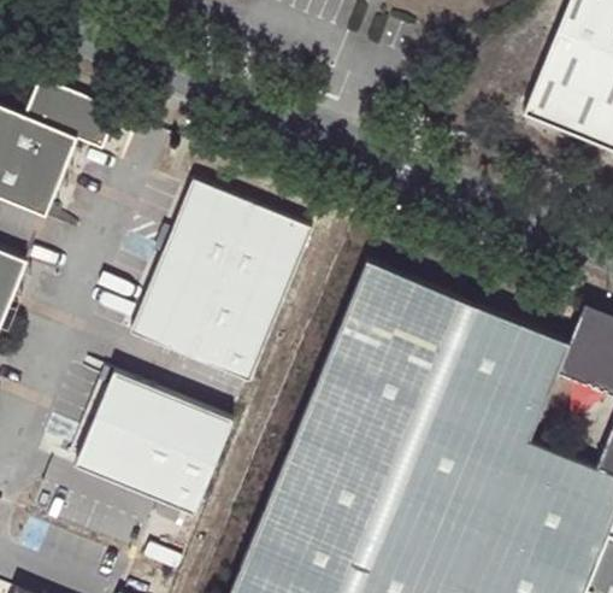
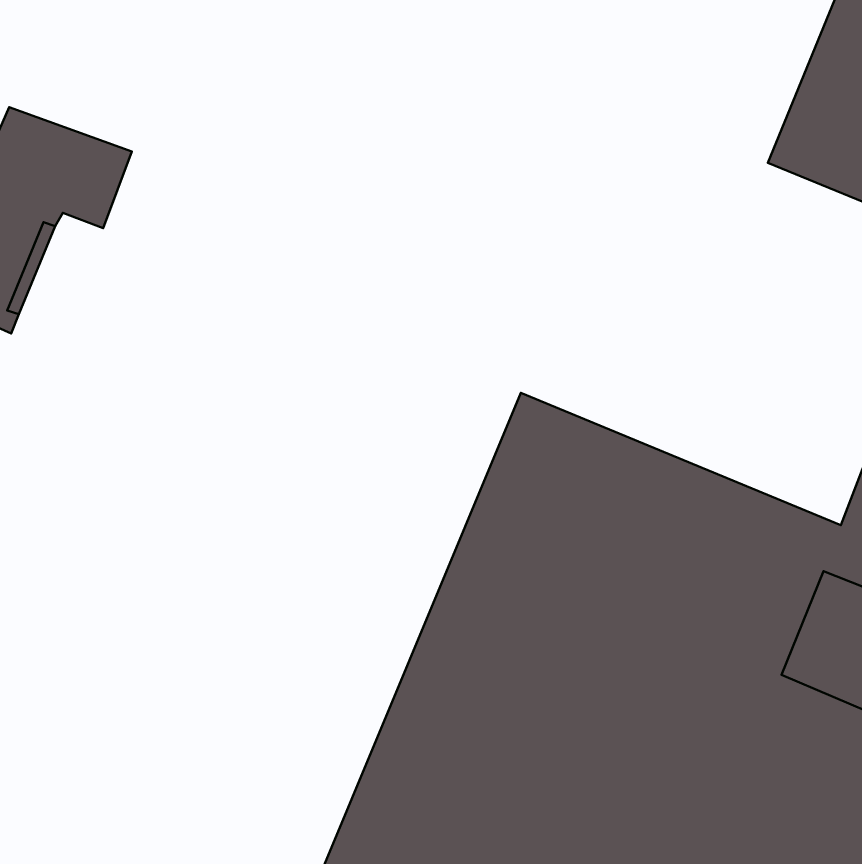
building: [132,182,314,383] -> none
building: [77,374,235,516] -> none

